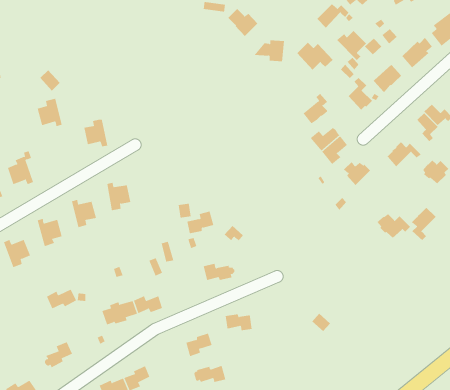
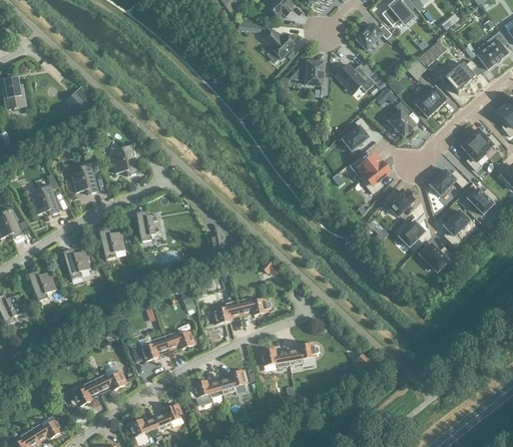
building: [336,30,367,61] -> none
building: [37,98,62,127] -> [70,162,97,192]
building: none -> [395,219,424,247]
building: [411,206,436,241] -> [442,208,469,245]
building: [186,211,214,234] -> [211,299,240,323]
building: [46,289,77,309] -> [94,370,126,391]
building: none -> [287,342,318,365]
building: [194,365,226,382] -> [188,379,222,397]

